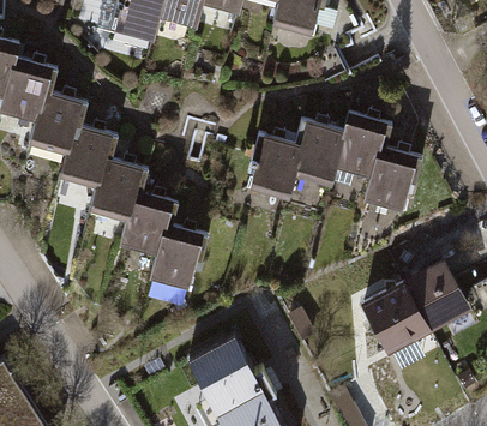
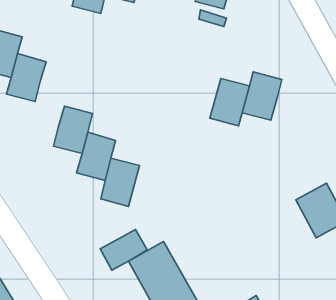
building: [59,124,109,185] -> none
building: [248,134,300,196] -> none
building: [365,145,415,208] -> none
building: [362,278,429,348] -> none
building: none -> [100,229,147,270]

